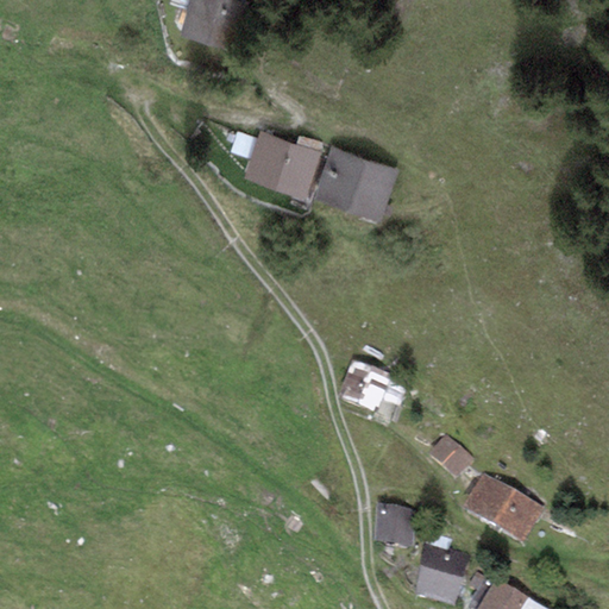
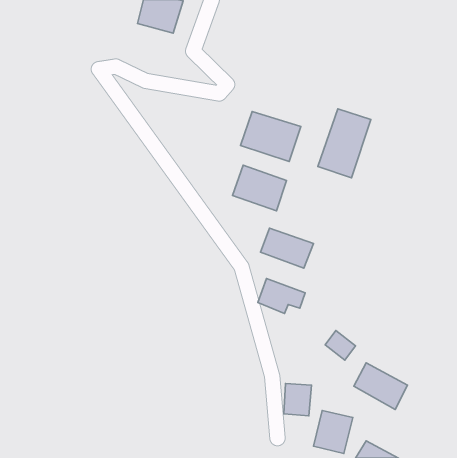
building: [246,131,318,192] -> [233,165,286,211]
building: none -> [318,109,371,178]
building: none -> [261,228,314,268]

